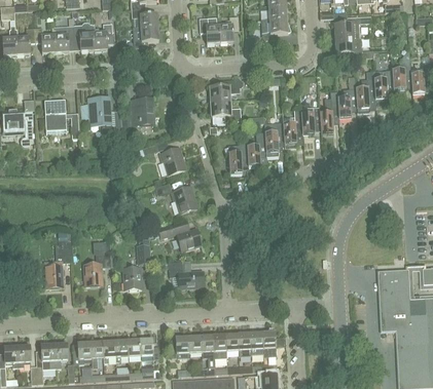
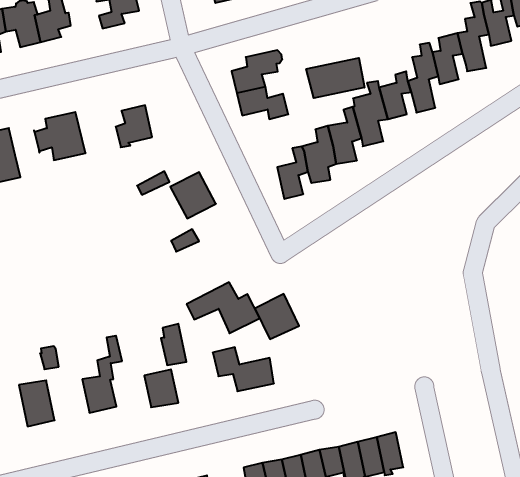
building: none -> [306,58,364,98]
building: [172,186,197,212] -> [255,294,299,339]

